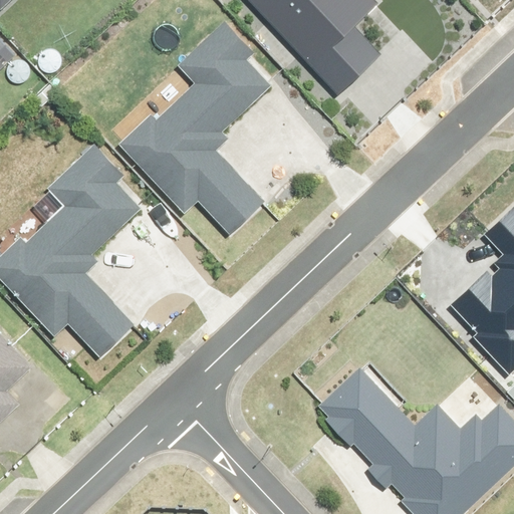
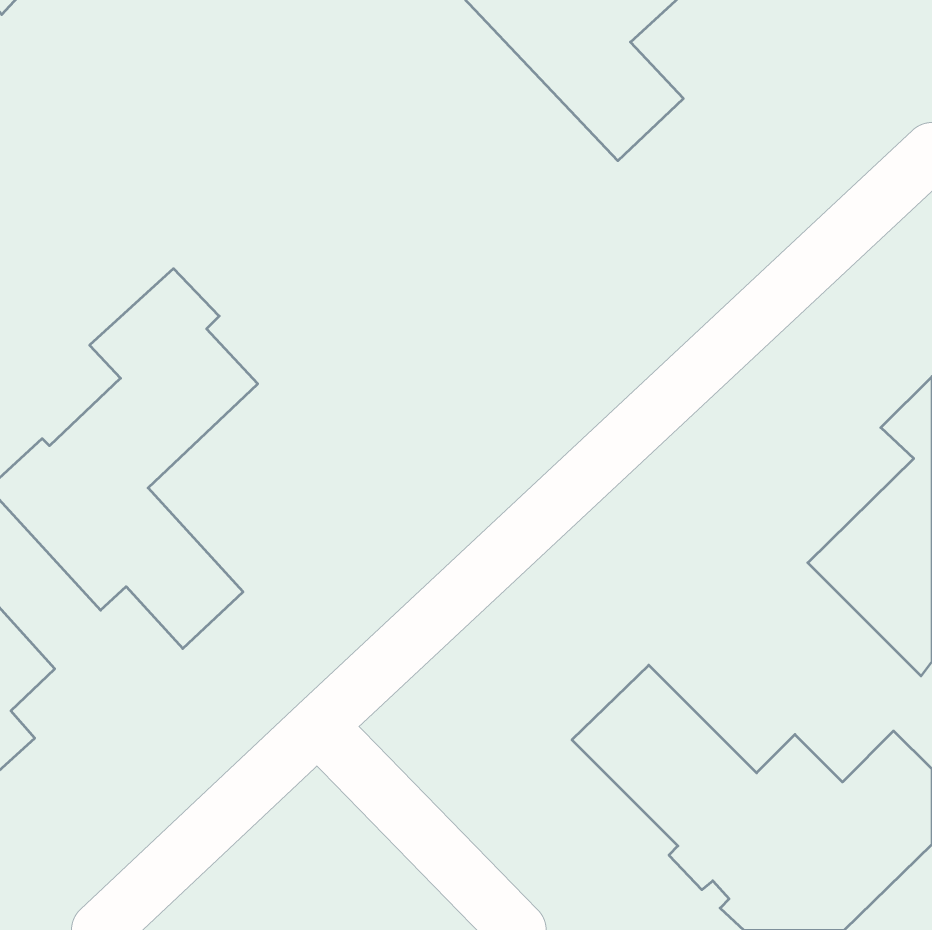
building: [122,24,271,236] -> none

